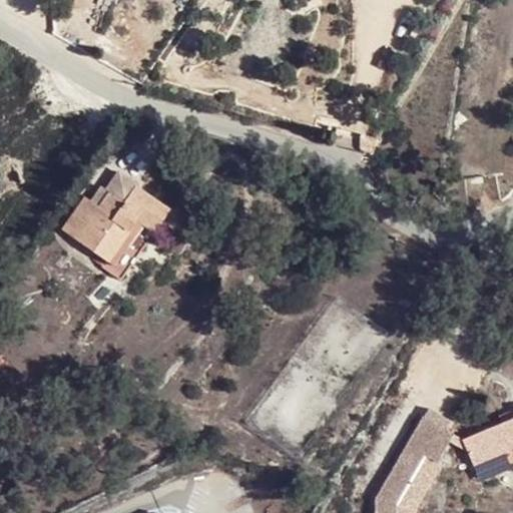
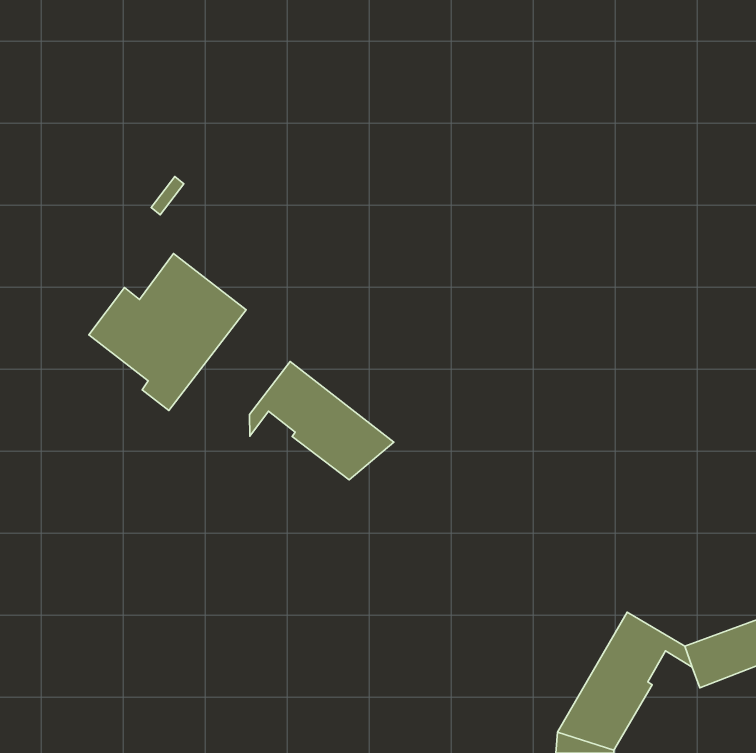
building: none -> [249,361,394,480]

